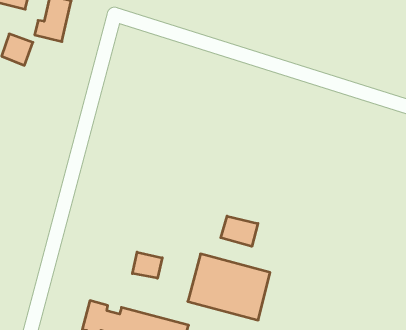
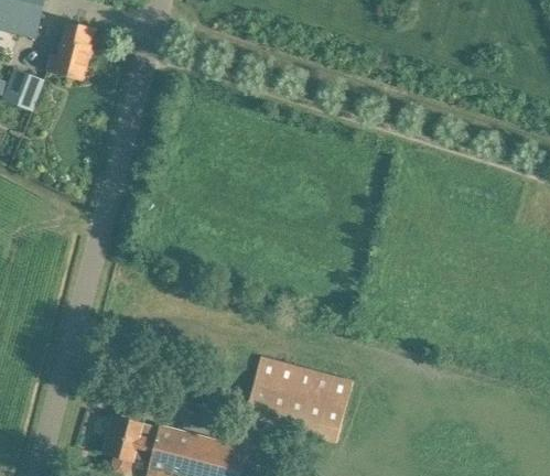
building: [221,216,258,246] -> none
building: [132,252,162,278] -> none

